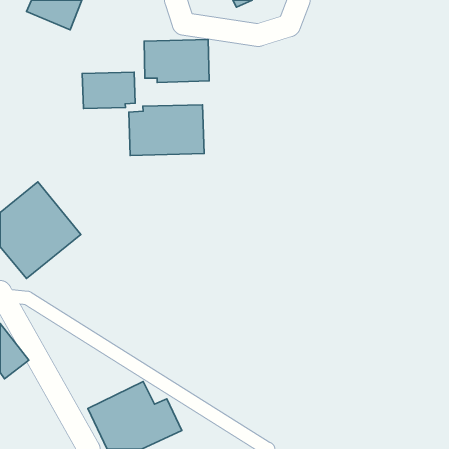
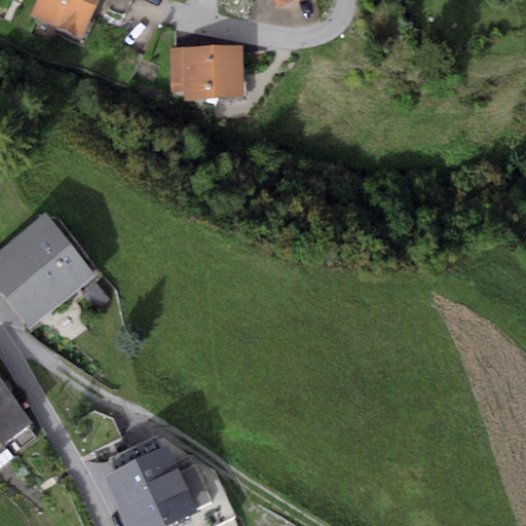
building: [82,72,135,108] -> none
building: [129,105,204,155] -> none

